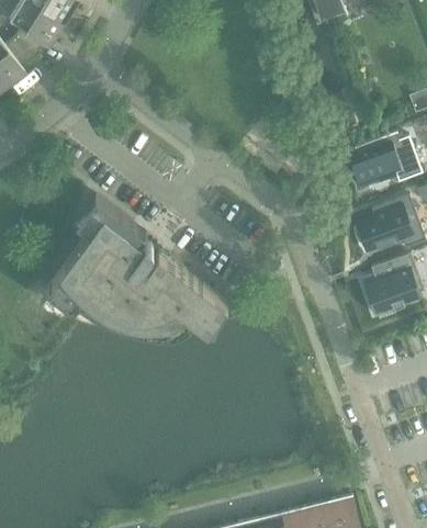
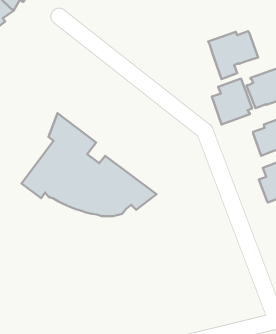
building: none -> [208,31,258,79]
building: none -> [212,79,252,124]

